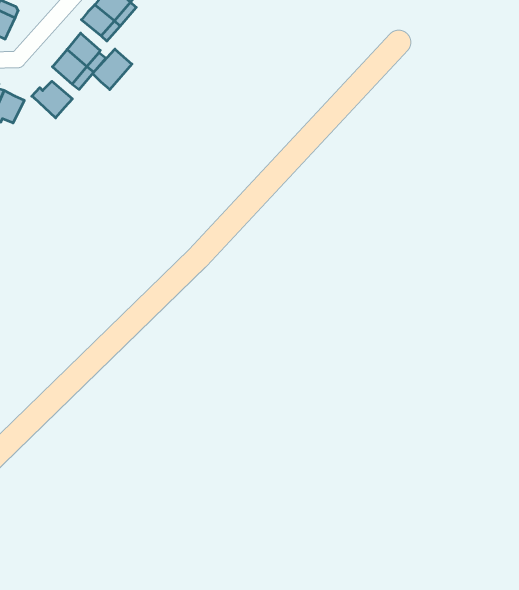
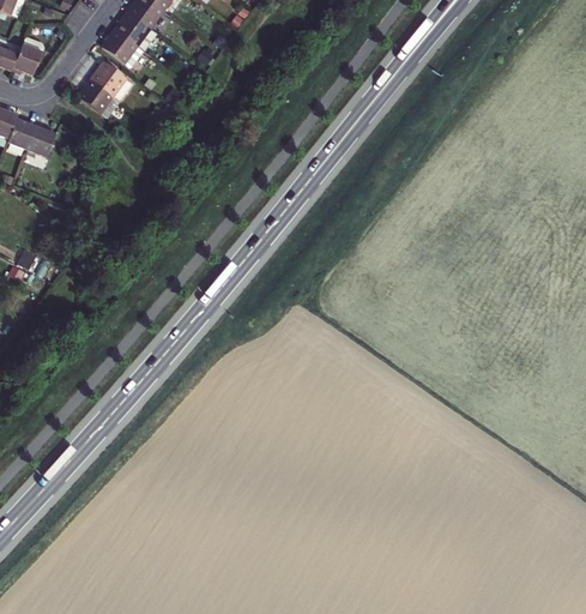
building: [93,49,132,90] -> none
building: [32,81,72,118] -> none

